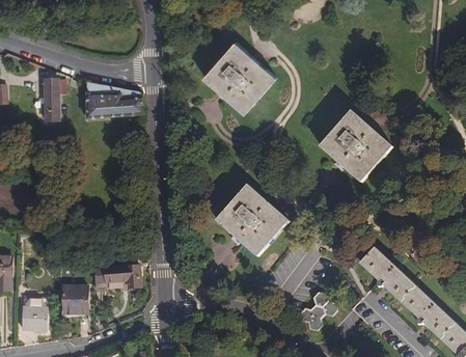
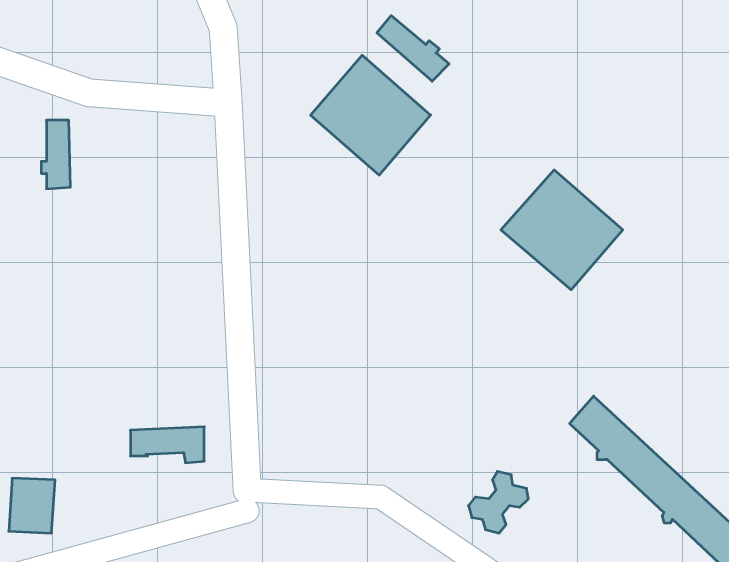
building: none -> [377,16,449,81]
building: [86,83,143,119] -> none
building: [215,185,289,257] -> none
building: [63,286,86,314] -> none

